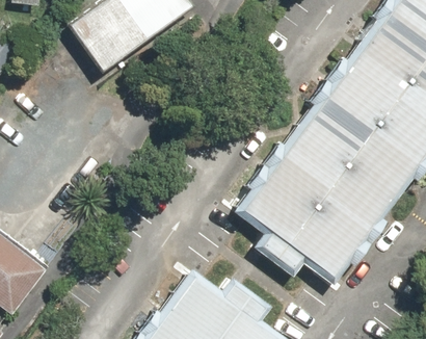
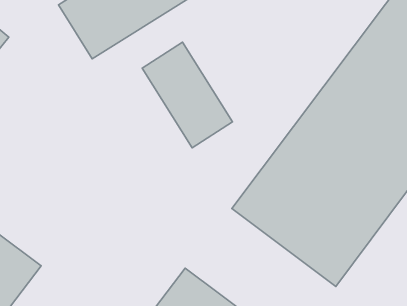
building: none -> [142,42,233,148]

